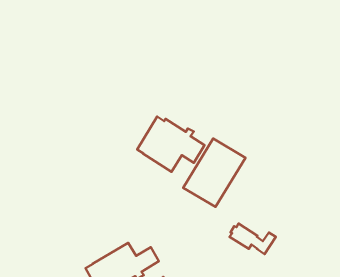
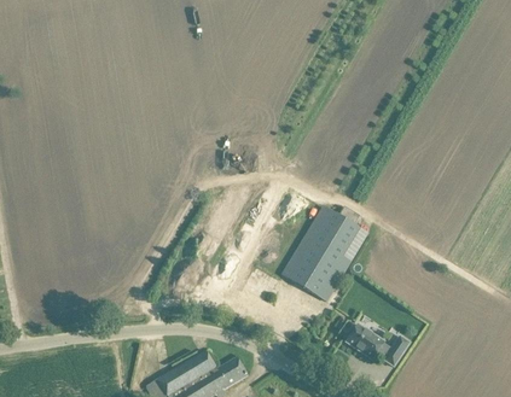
building: [137,117,204,172] -> none

